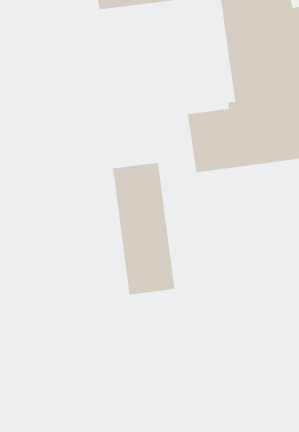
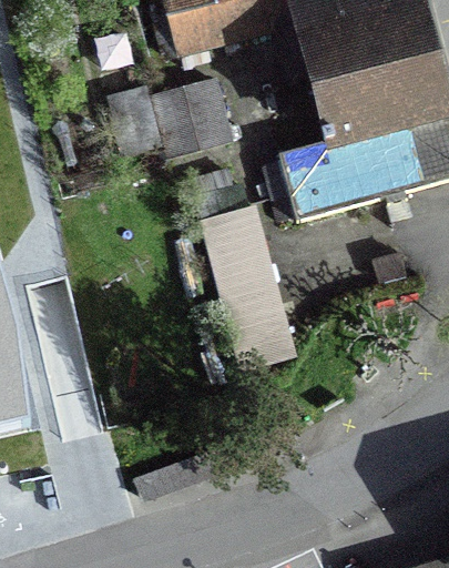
building: none -> [149,73,226,152]

